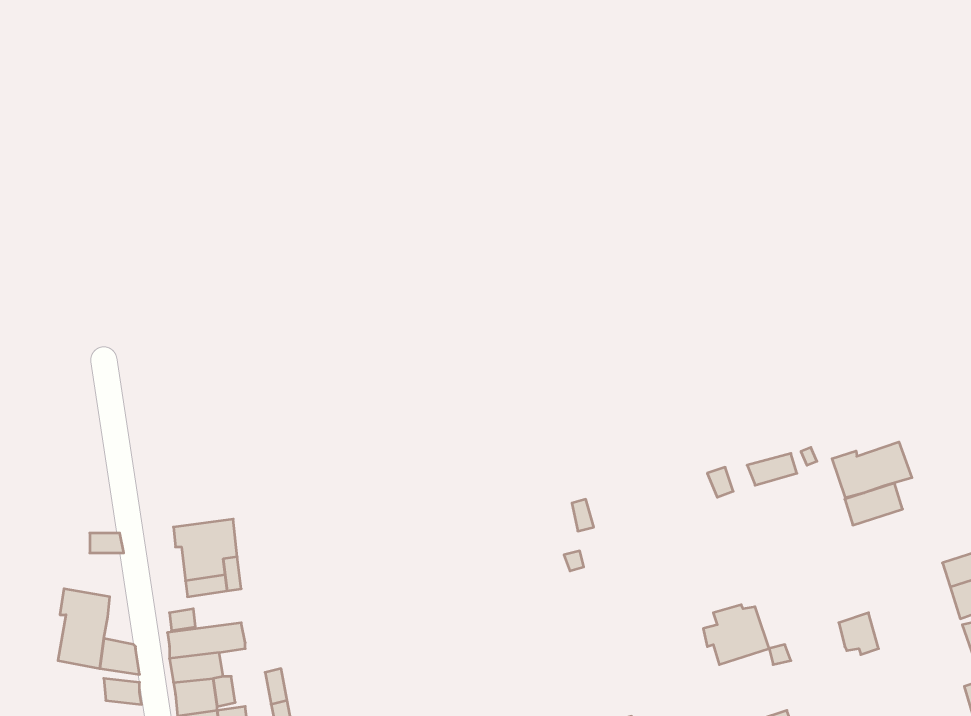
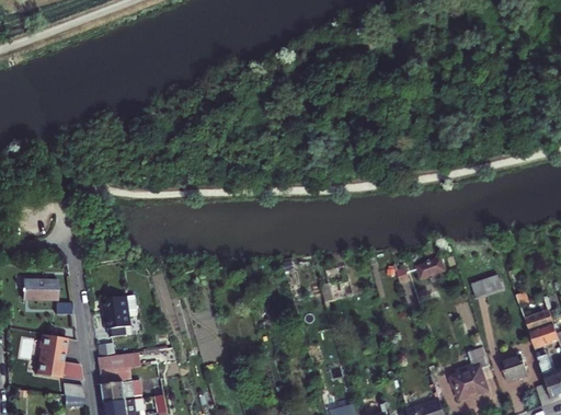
building: [832,442,912,498] -> none
building: none -> [22,279,57,299]
building: [703,605,769,665] -> [449,365,485,397]
building: none -> [500,354,527,382]

